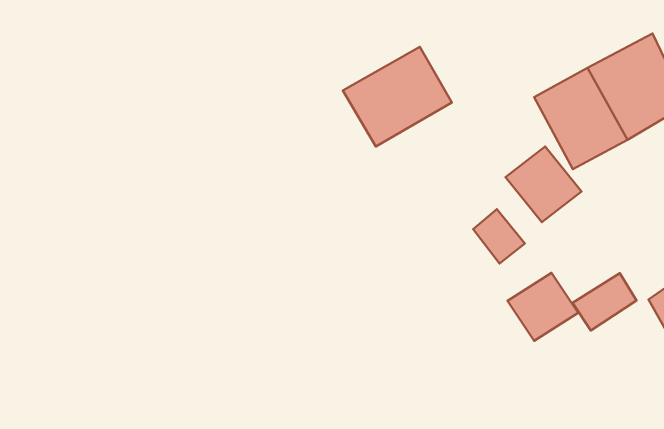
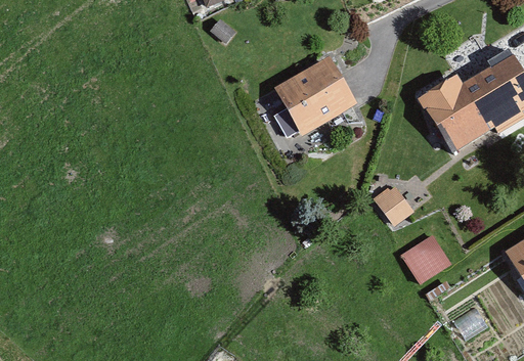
building: [505,146,582,222] -> none
building: [573,273,636,331] -> none

